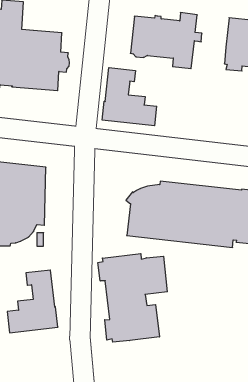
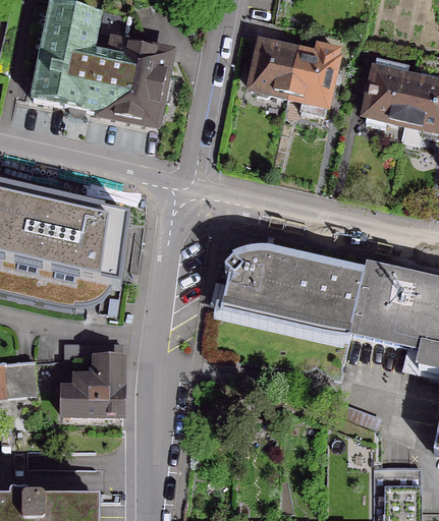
building: [102,68,157,126] -> none
building: [98,254,167,342] -> none

